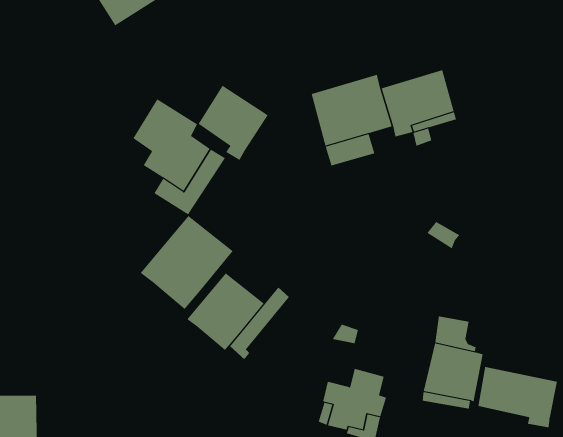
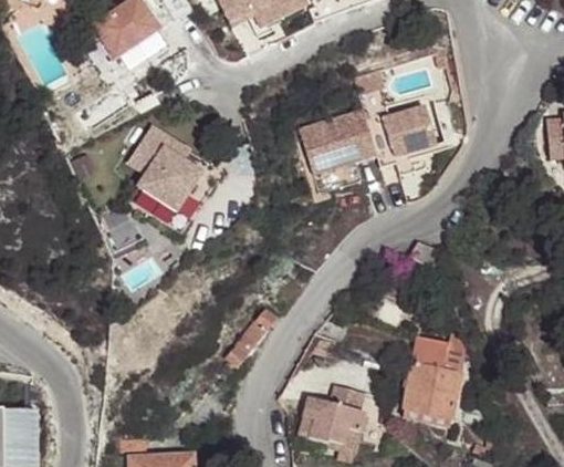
building: [198,85,269,161] -> none
building: [140,215,234,310] -> none
building: [186,272,265,351] -> none
building: [478,366,558,428] -> none

